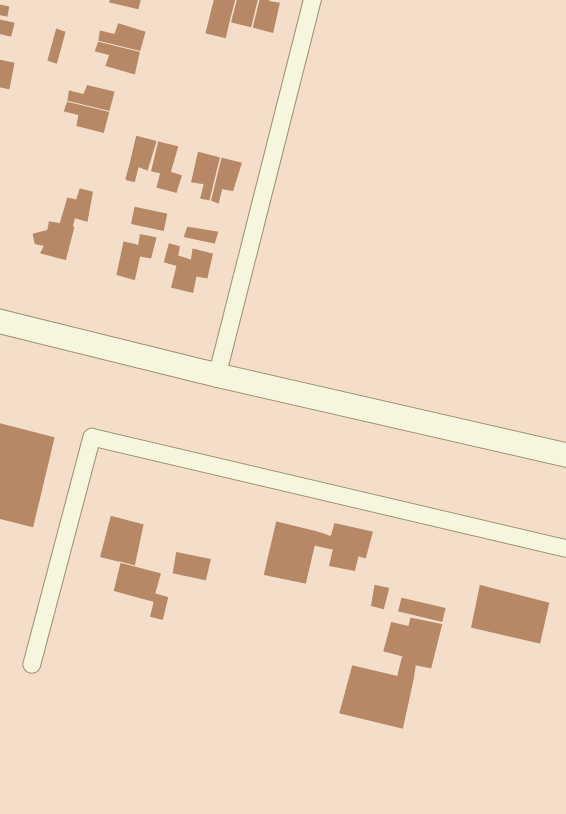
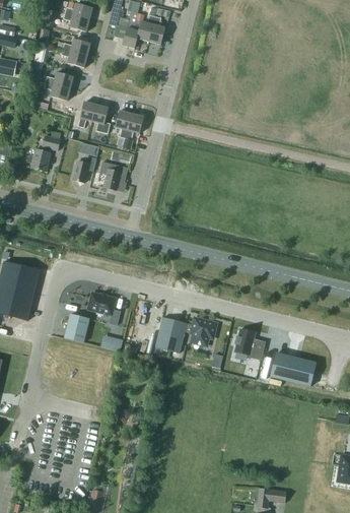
building: none -> [233,329,264,360]
building: [113,562,169,620] -> [87,293,119,325]
building: [339,617,443,729] -> none

